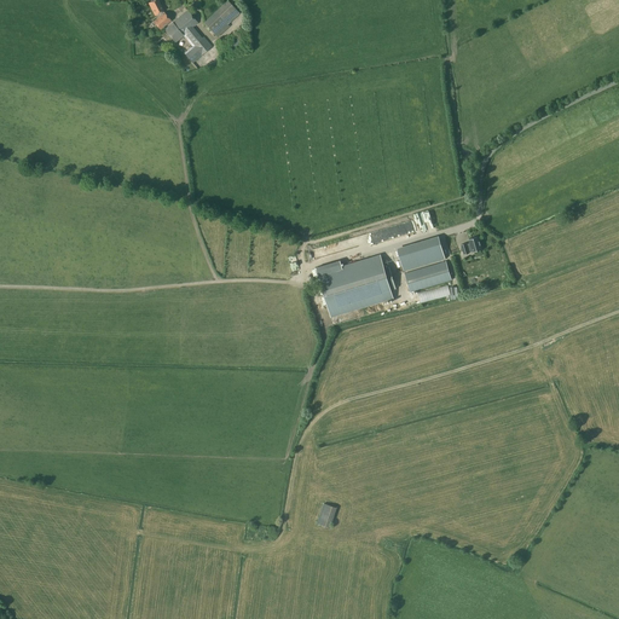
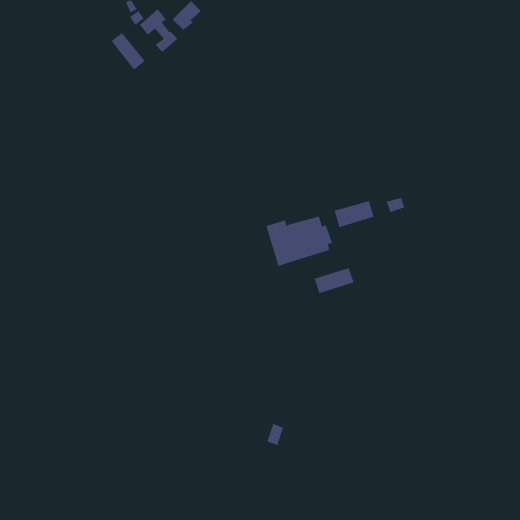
building: none -> [111,32,146,70]
building: [404,261,452,293] -> [314,267,354,294]

